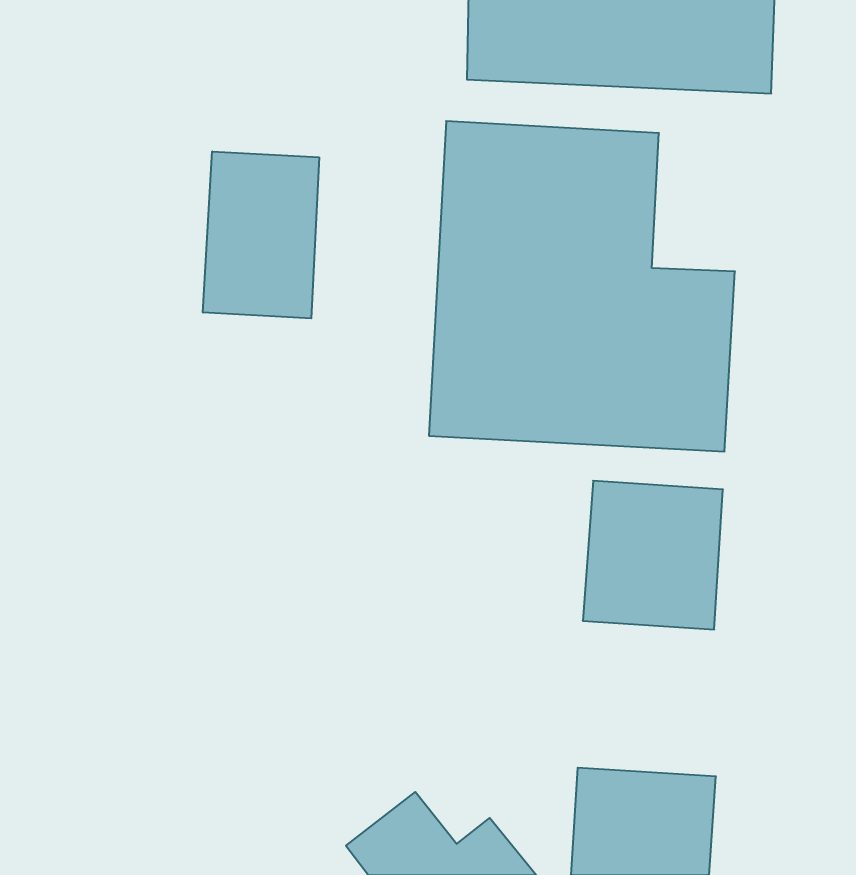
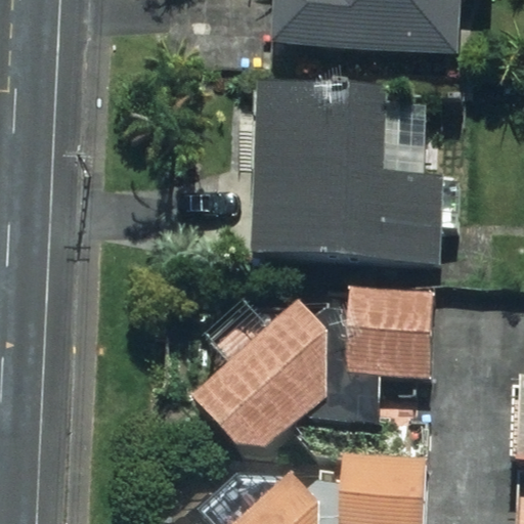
building: [203,151,319,318] -> none
building: none -> [201,301,332,451]

